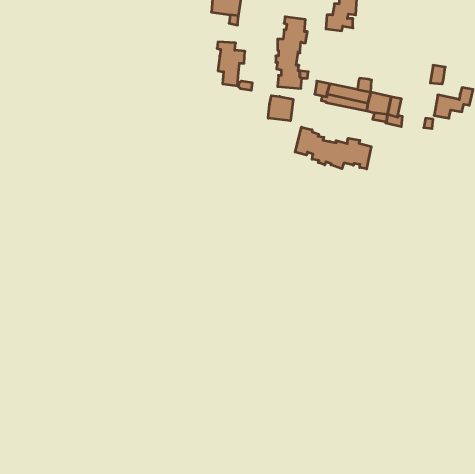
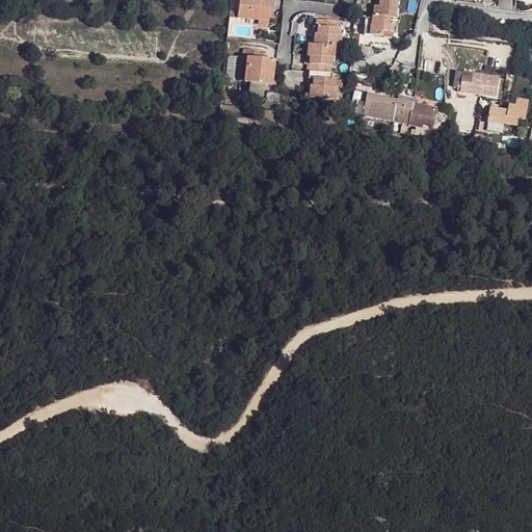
building: none -> [452,70,484,92]
building: [268,96,293,121] -> none
building: [295,127,371,169] -> none

